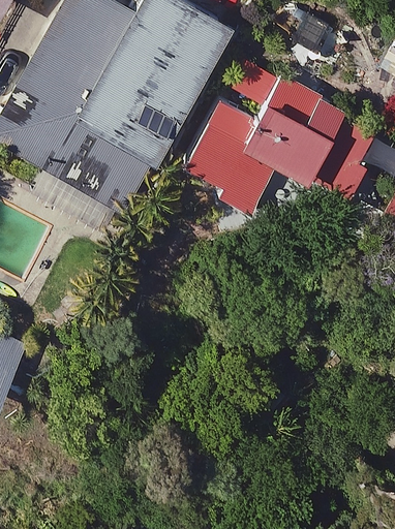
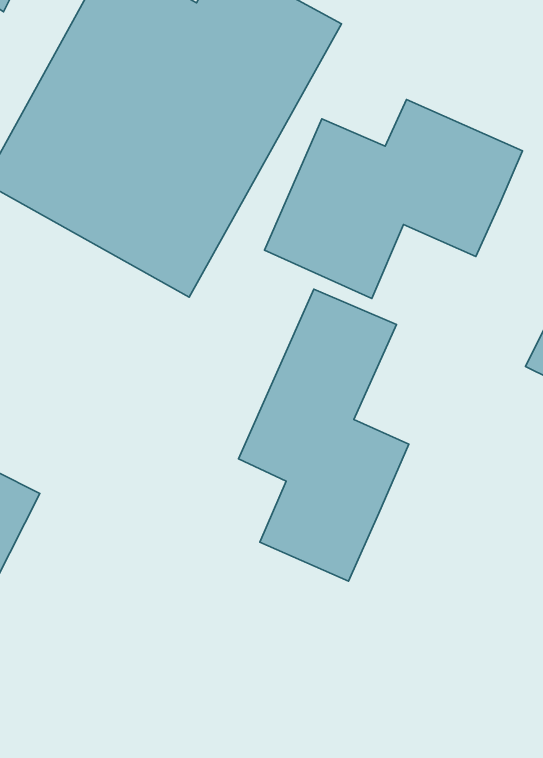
building: none -> [239,289,409,581]

